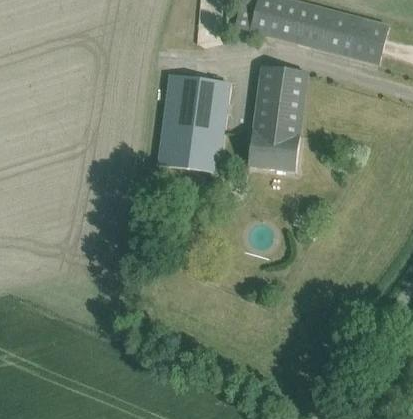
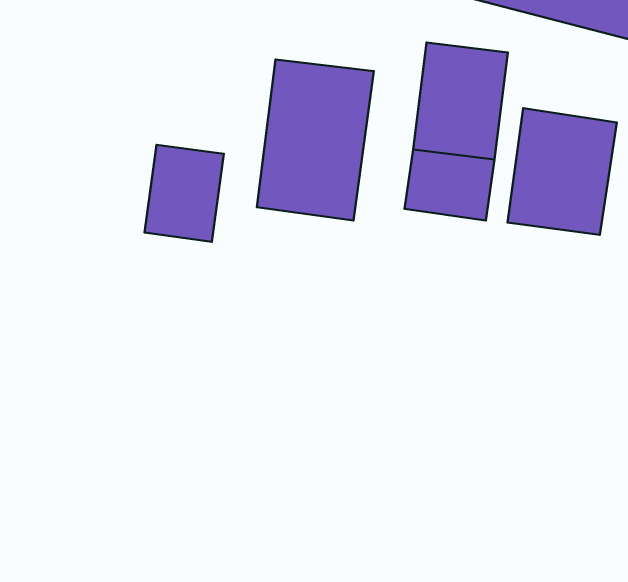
building: none -> [507,108,617,235]
building: none -> [145,145,224,242]

